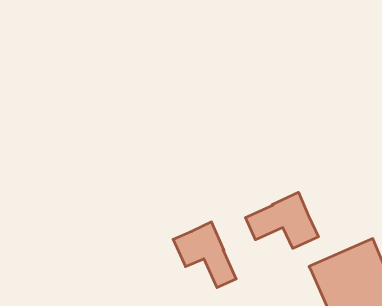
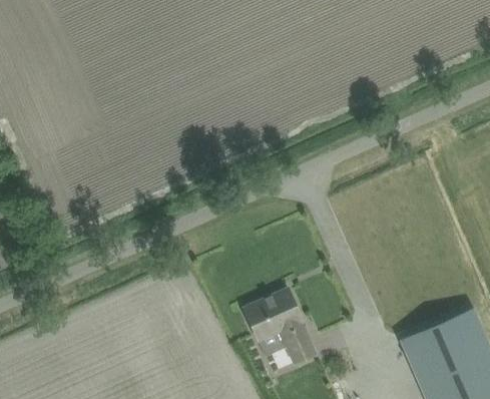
building: [245,192,318,248] -> none

